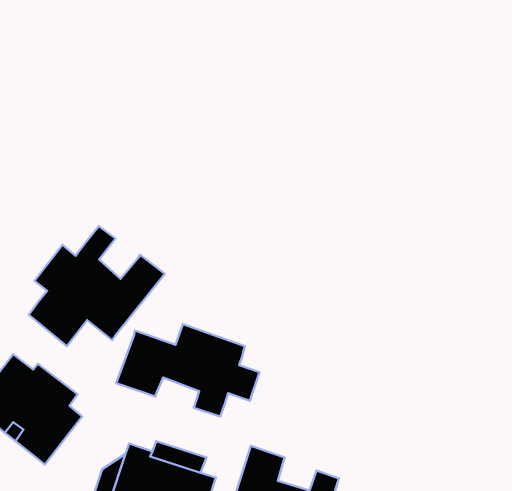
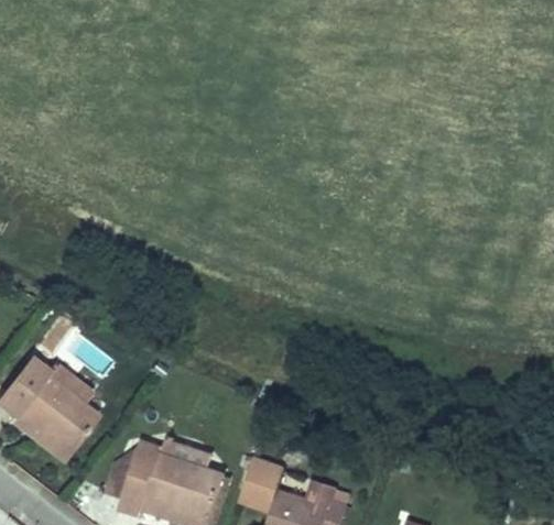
building: [29,226,165,346] -> none
building: [116,324,259,416] -> none

